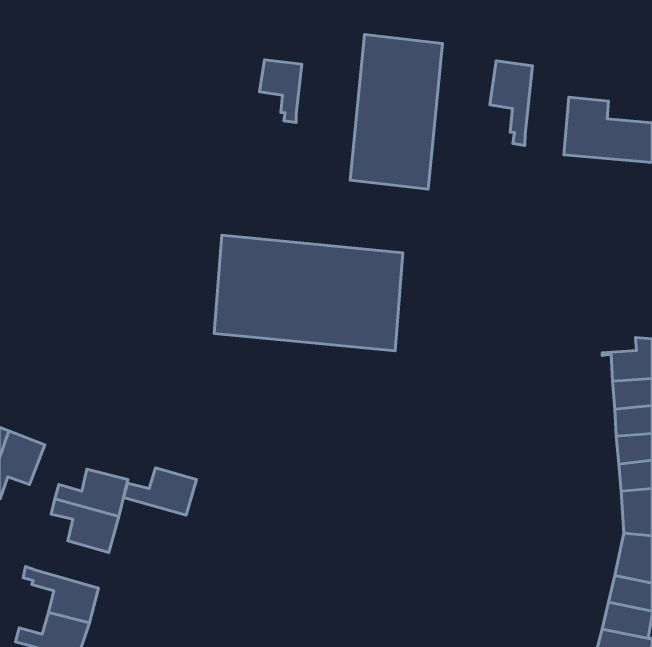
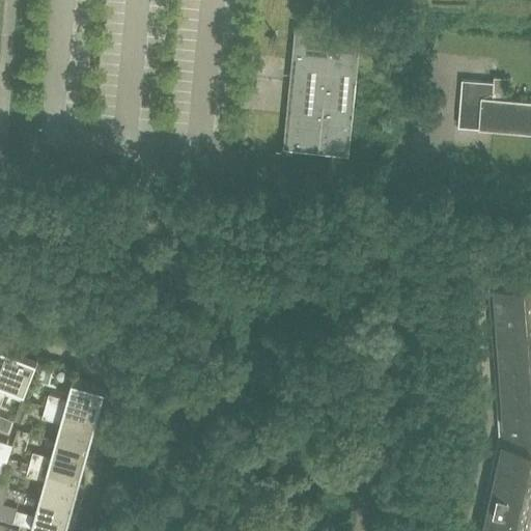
building: [259,60,302,123] -> none
building: [490,61,533,146] -> none
building: [214,235,403,351] -> none
building: [124,468,196,515] -> [29,444,88,482]

